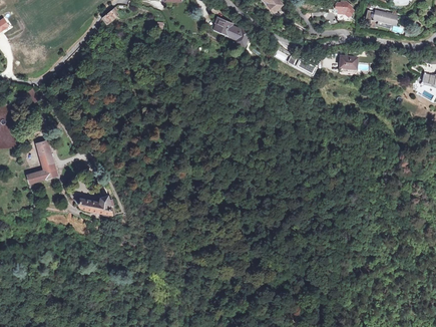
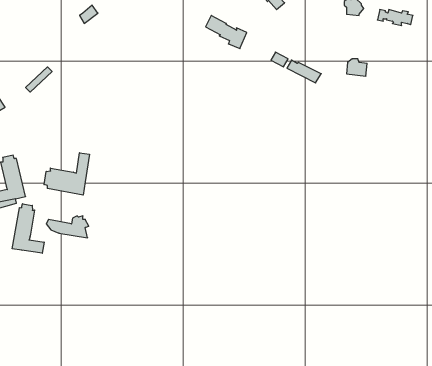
building: none -> [44,153,89,195]
building: none -> [12,204,44,253]

